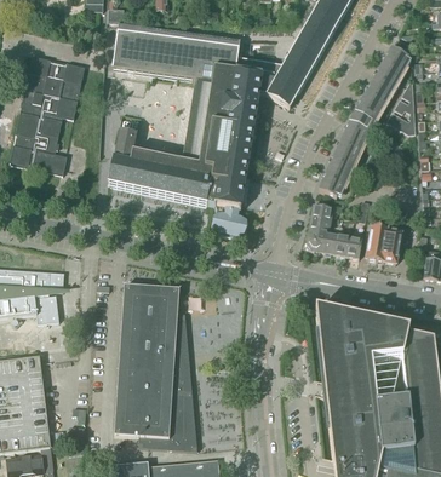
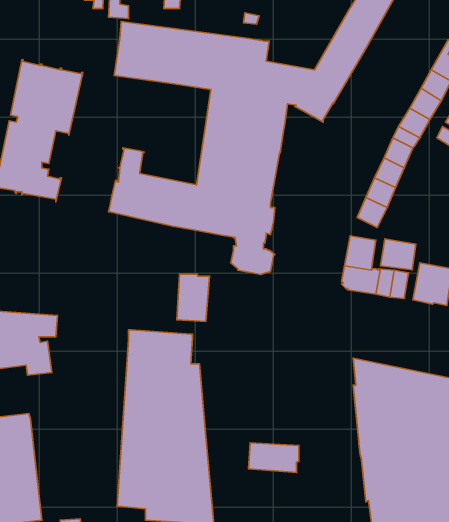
building: none -> [381,239,416,270]
building: none -> [177,274,209,322]
building: none -> [249,443,299,472]

